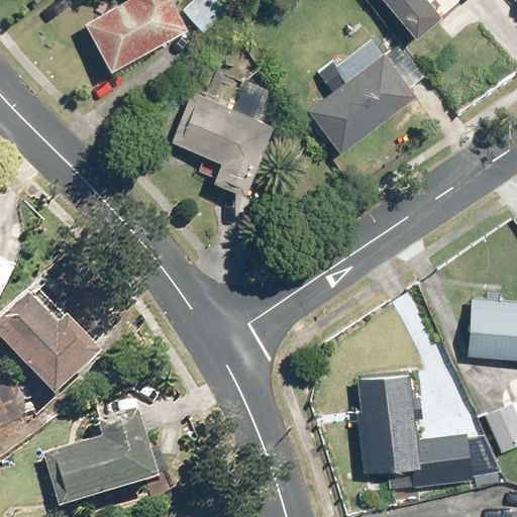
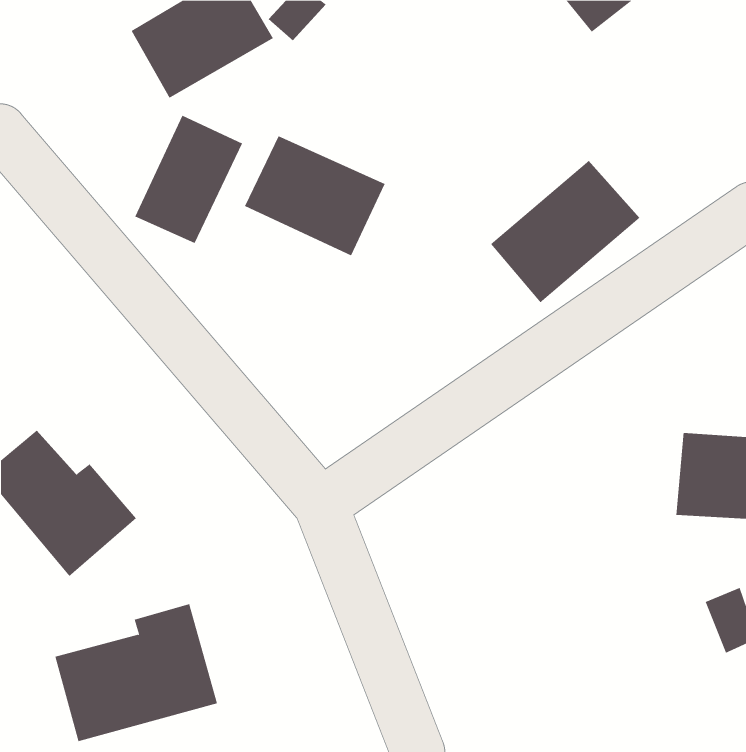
building: [309,55,412,152] -> [490,160,640,303]
building: none -> [135,115,243,244]
building: [357,373,474,488] -> none

